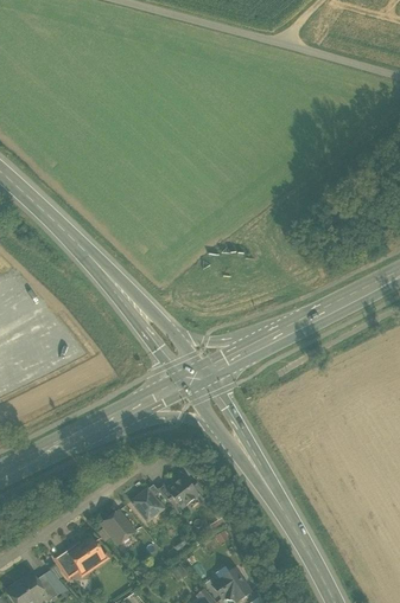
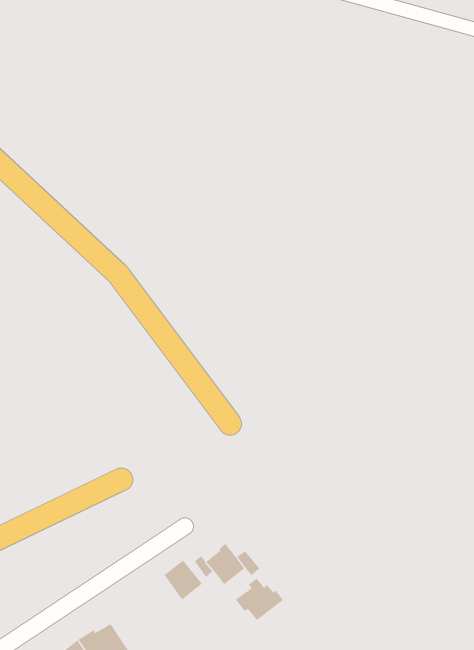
building: none -> [235,578,284,621]
building: [102,512,134,545] -> none

